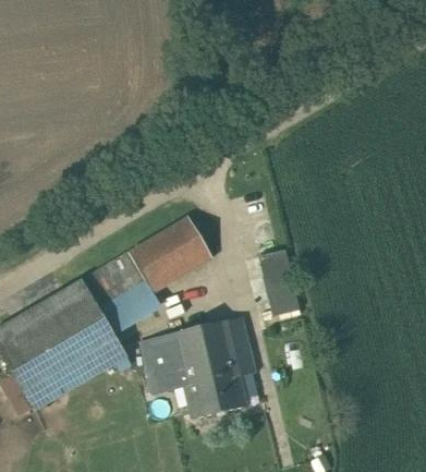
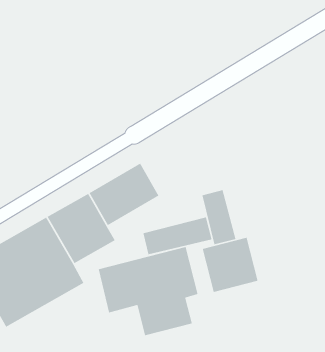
building: none -> [142,217,212,255]
building: none -> [202,237,259,293]

